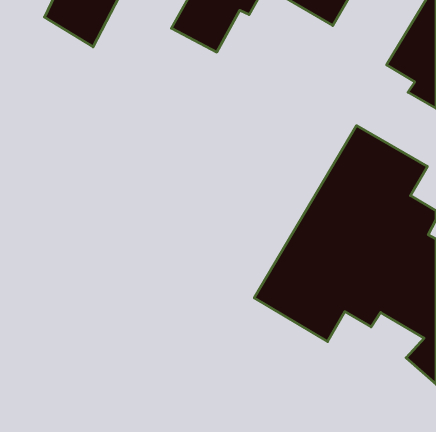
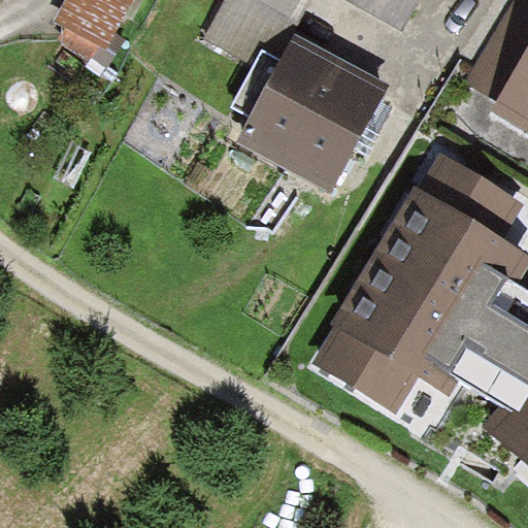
building: none -> [241,37,388,190]

